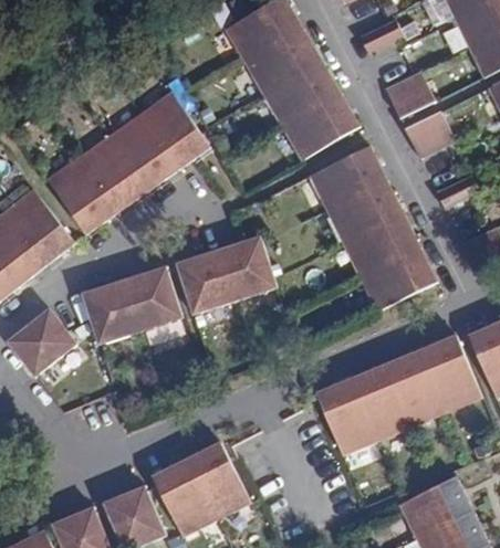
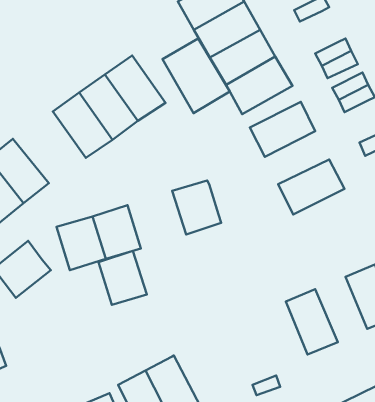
building: none -> [162,39,230,113]
building: [49,157,117,232] -> none
building: [326,180,402,242] -> none
building: [360,247,437,313] -> none
building: [178,250,235,313] -> [99,251,147,305]
building: [385,350,446,426] -> none
building: [316,379,376,455] -> none

